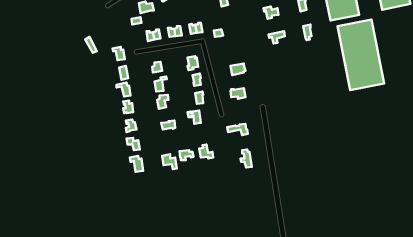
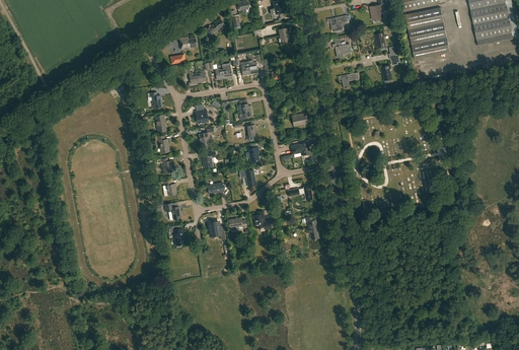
building: [337,19,384,90] -> none

